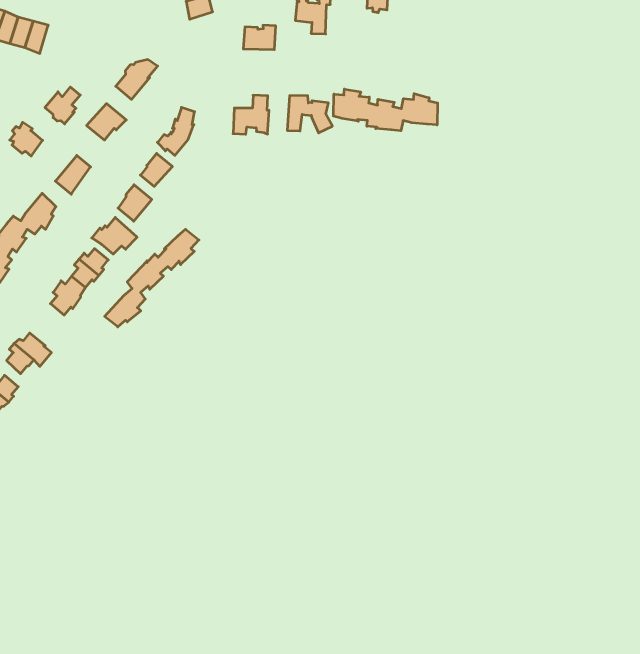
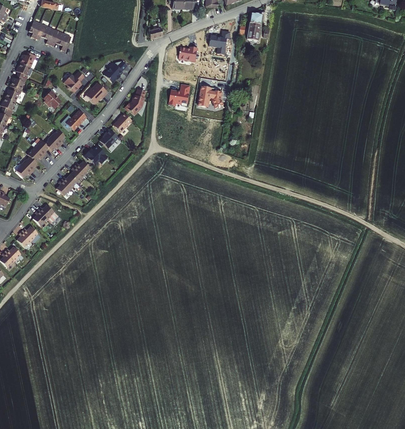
building: [333,89,438,131] -> none
building: [105,229,199,327] -> none

